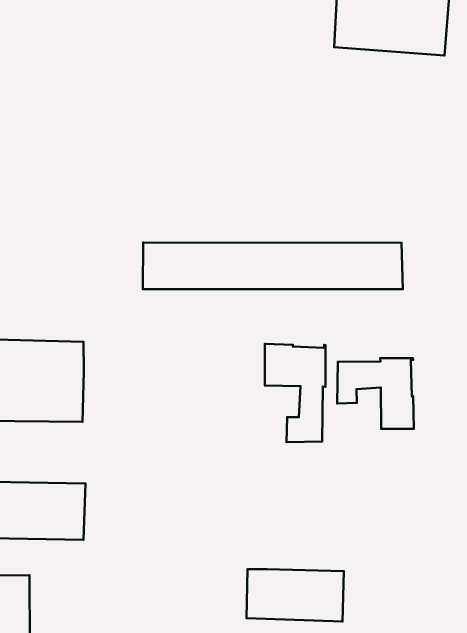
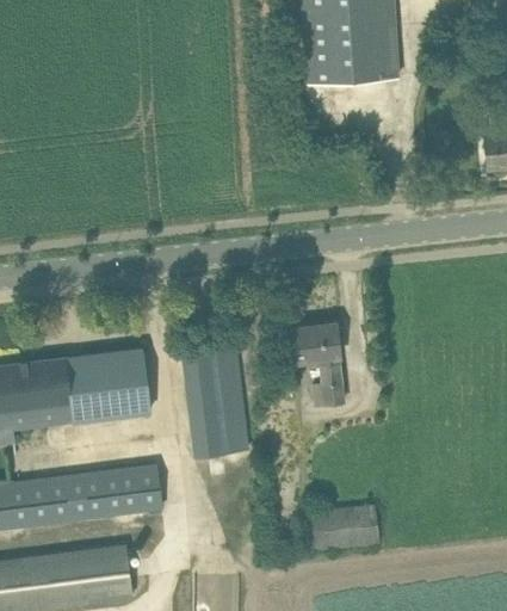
building: [143,243,403,289] -> none
building: none -> [180,338,249,457]
building: [337,358,414,429] -> none

